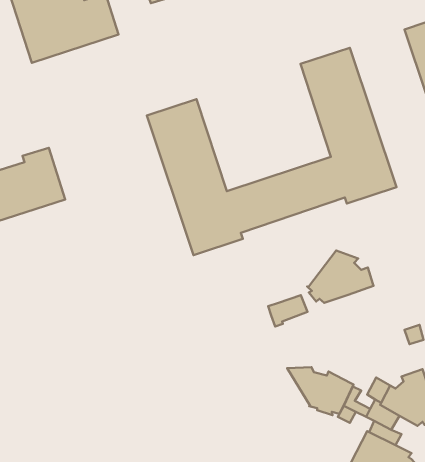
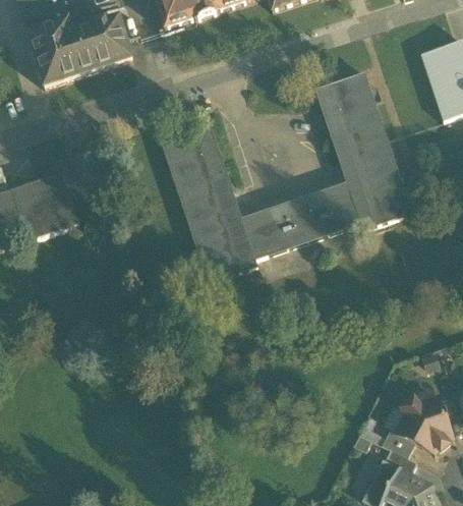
building: [307,251,373,303] -> none
building: [268,295,307,326] -> none
building: [287,367,354,415] -> none

